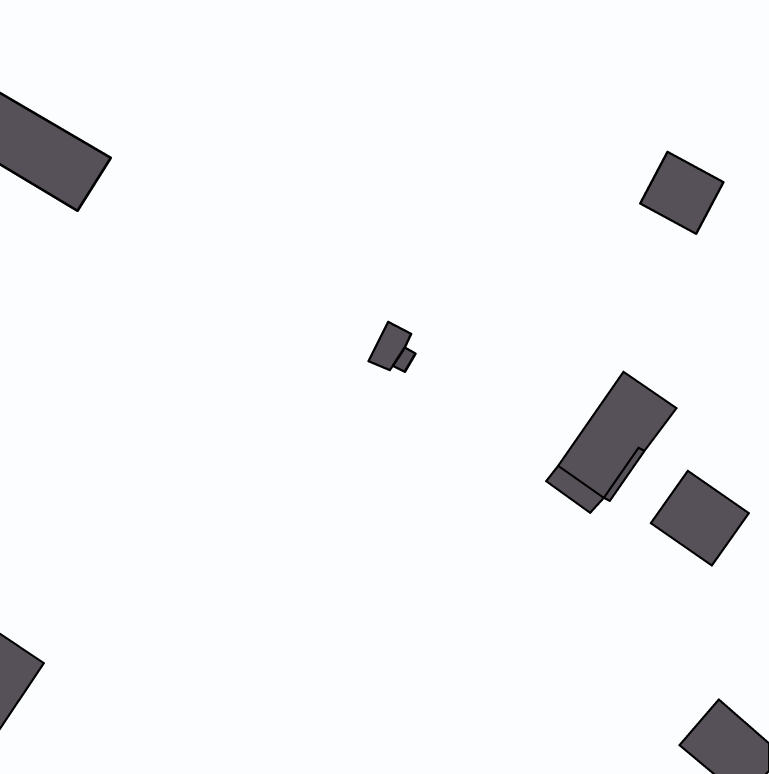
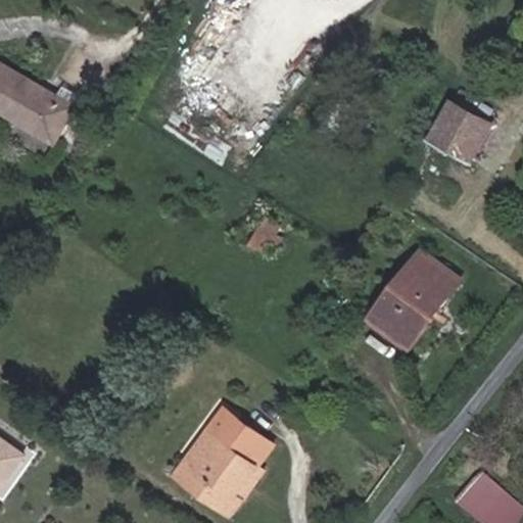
building: [651,471,749,565] -> none
building: none -> [173,408,273,515]

